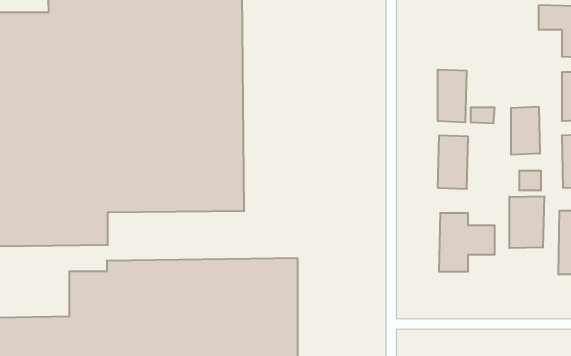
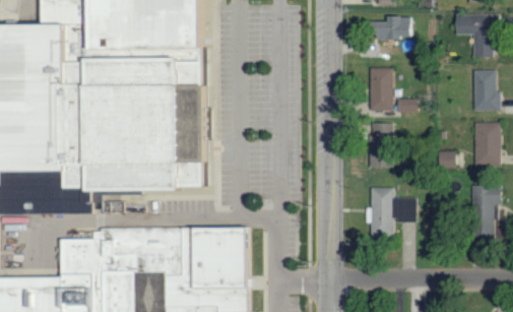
building: none -> [368,16,412,39]
building: [511,107,540,155] -> none
building: [509,196,544,248] -> none

